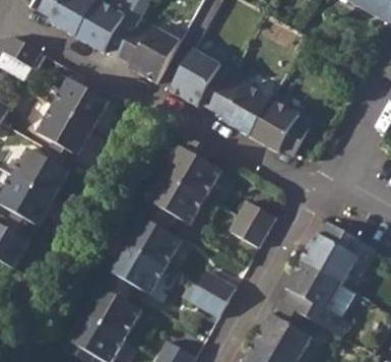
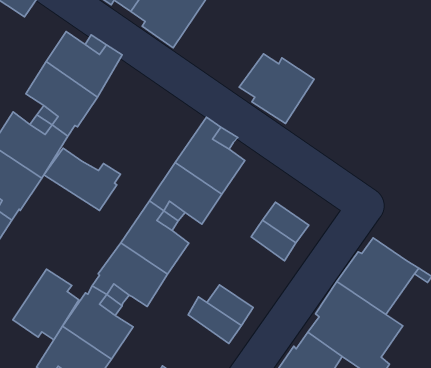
building: [170,51,227,111] -> none
building: [250,100,310,157] -> none
building: none -> [44,148,121,211]
building: none -> [13,269,79,340]

